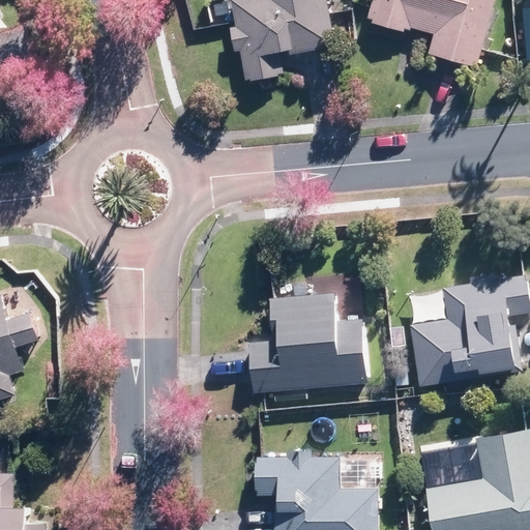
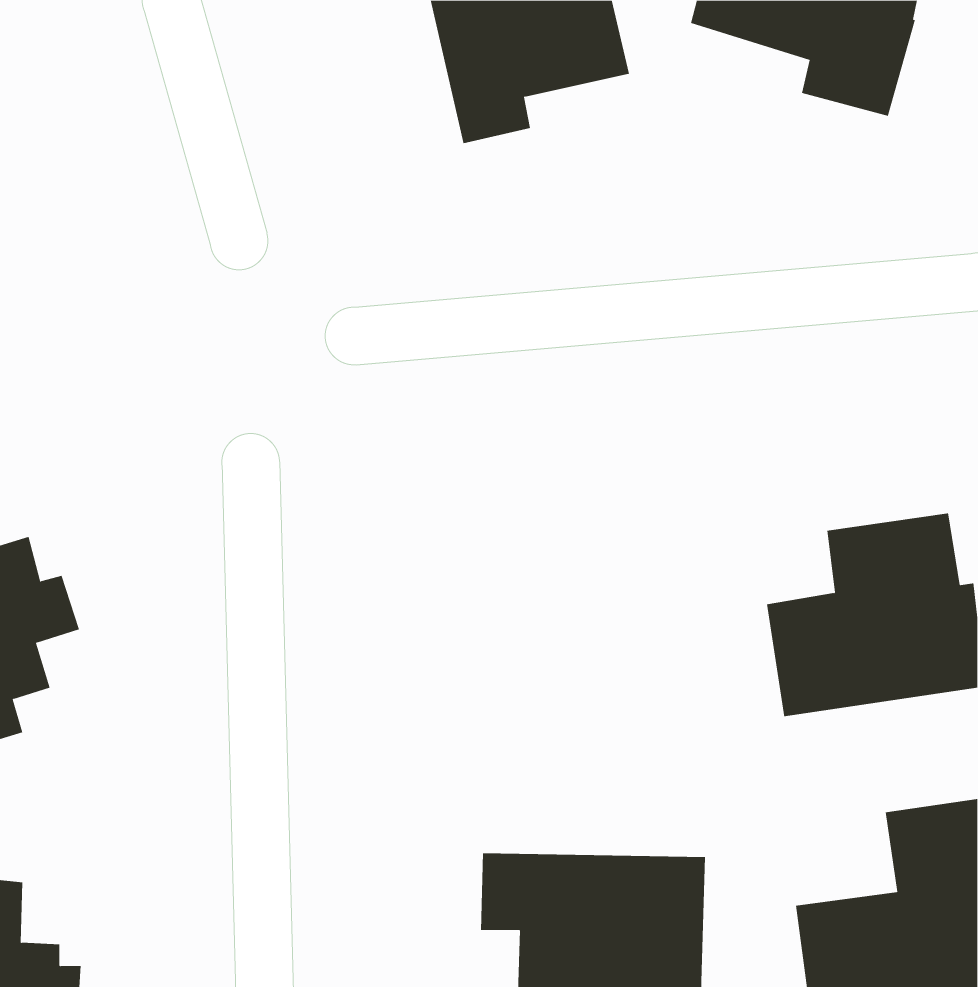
building: [252,293,363,391] -> none

